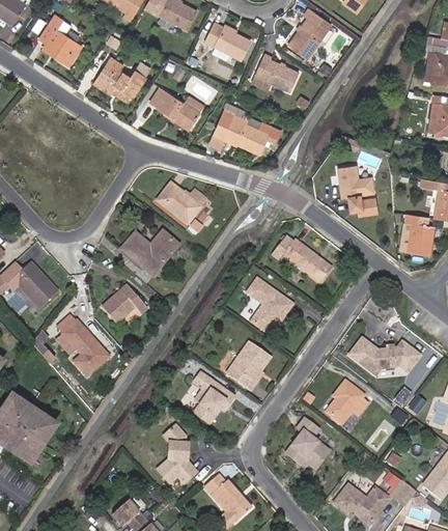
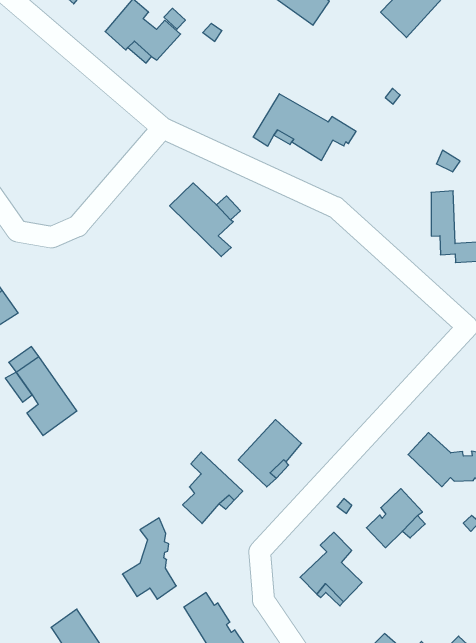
building: [251,54,299,90] -> none
building: [149,87,203,130] -> none
building: [120,230,180,277] -> none
building: [271,233,332,283] -> none
building: [248,279,293,335] -> none
building: [102,284,148,323] -> none

